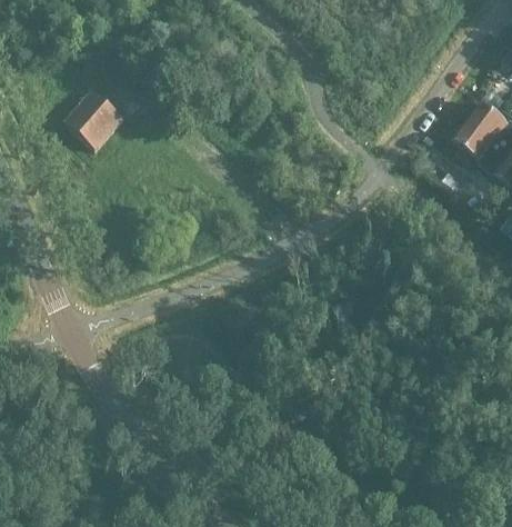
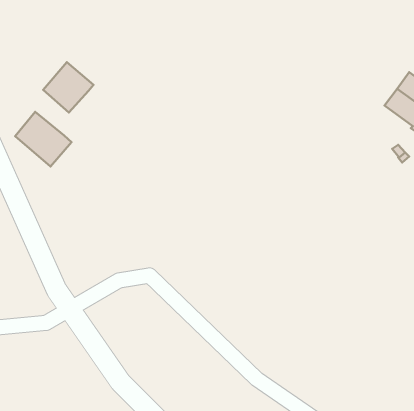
building: none -> [15,112,72,166]

